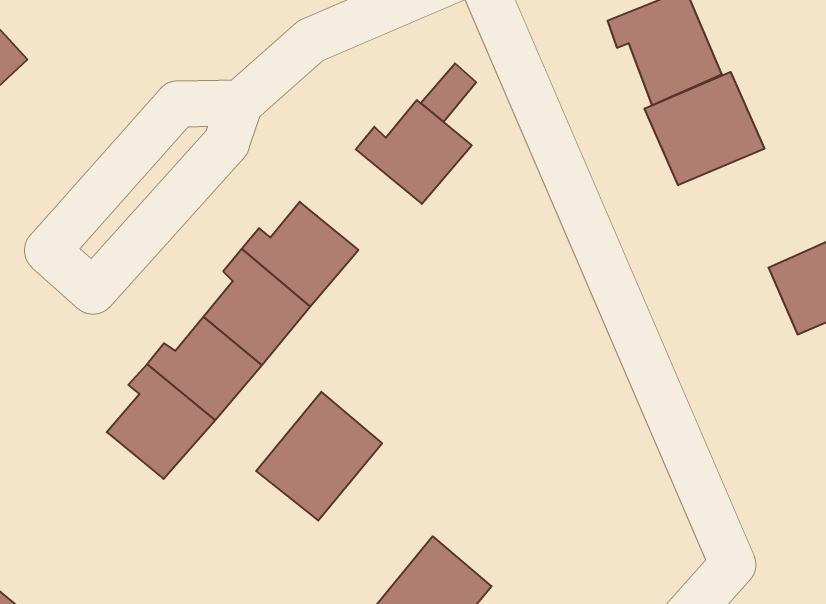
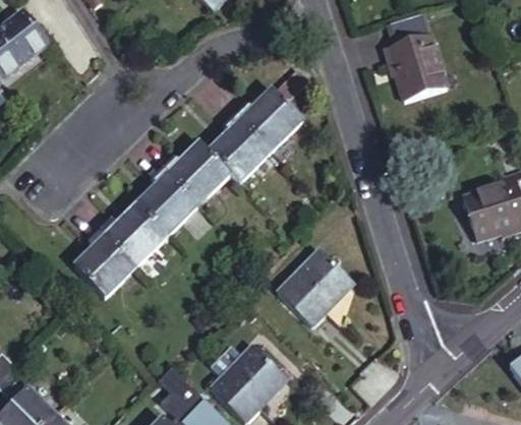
building: [645,72,764,185] -> none
building: none -> [208,114,270,181]
building: [256,392,382,521] -> [278,249,353,324]

